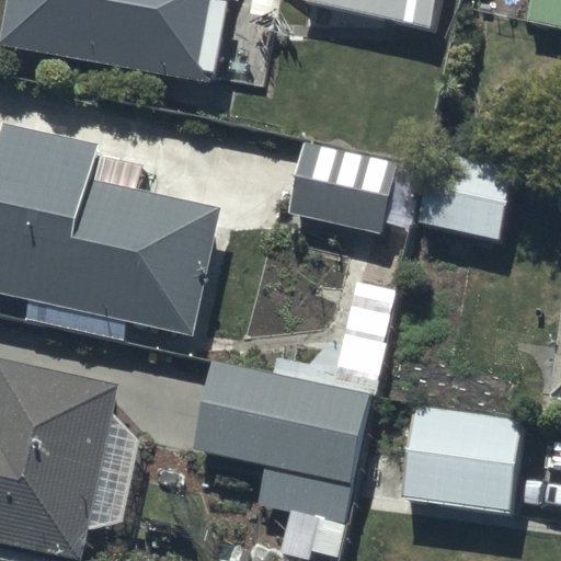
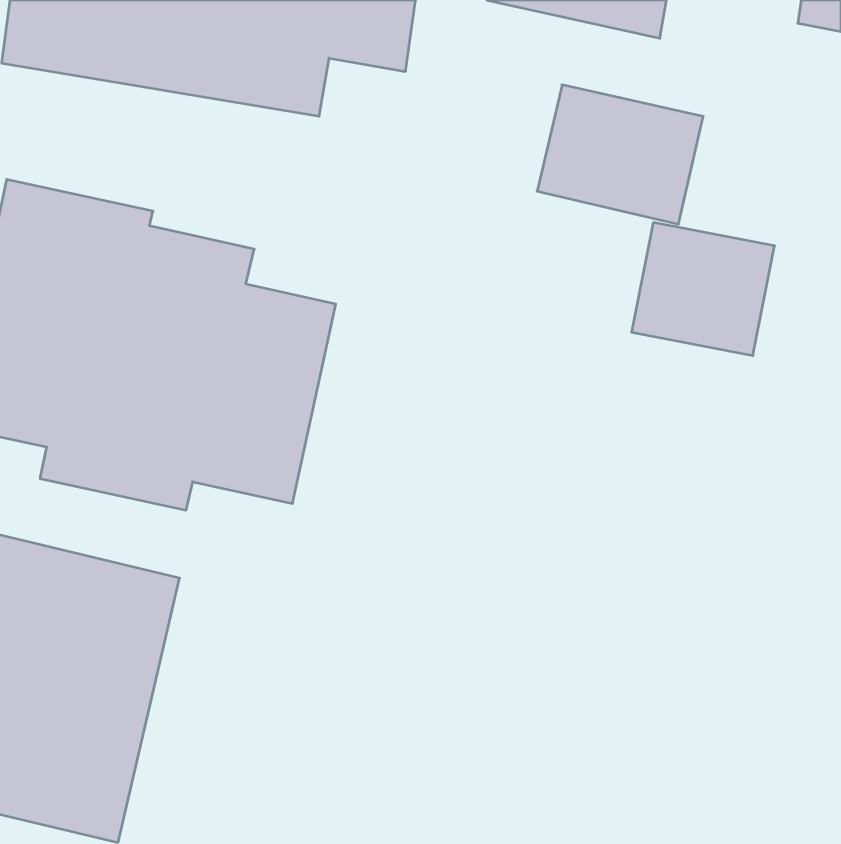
building: [286,141,396,233] -> [537,85,703,224]
building: [194,360,370,522] -> none
building: [402,405,527,513] -> none

